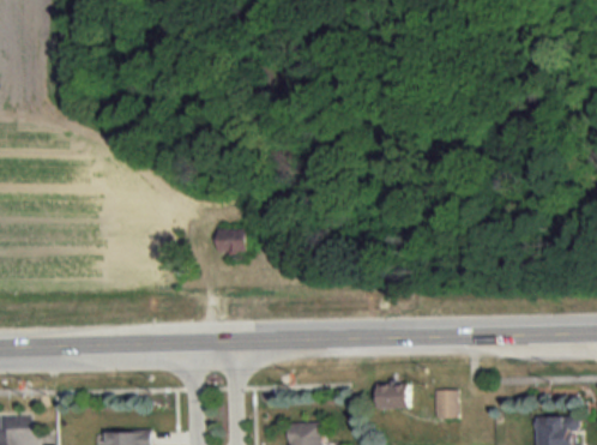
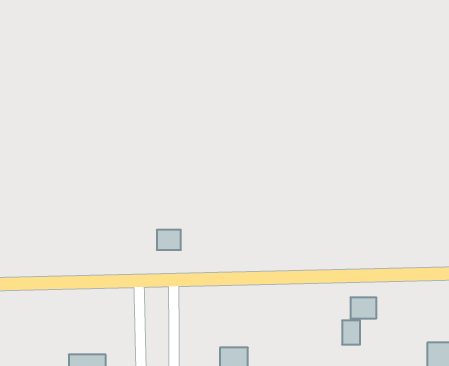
building: [216,230,245,254] -> [157,230,181,250]
building: [375,383,406,408] -> [350,297,376,318]

